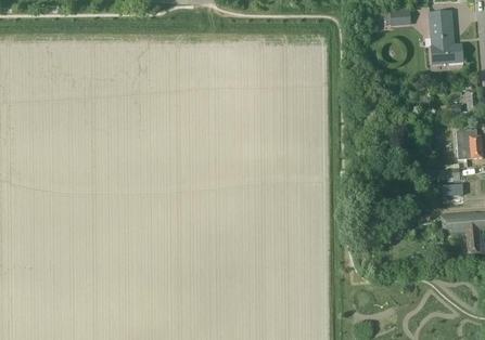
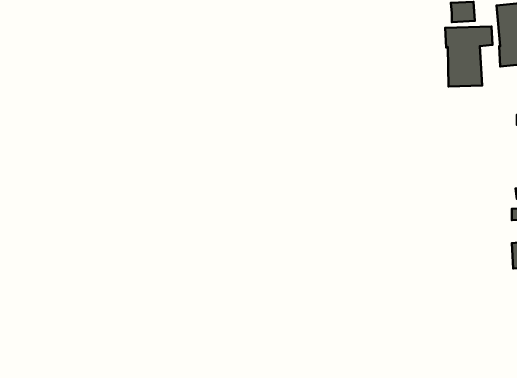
building: none -> [445,27,493,86]

